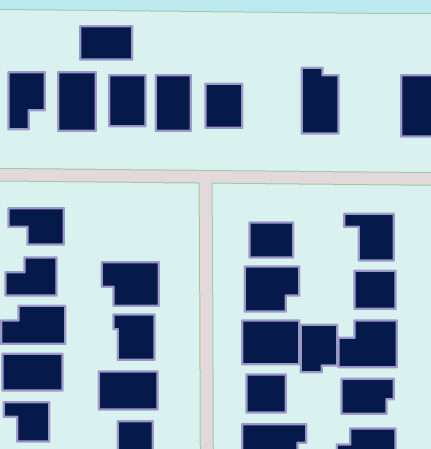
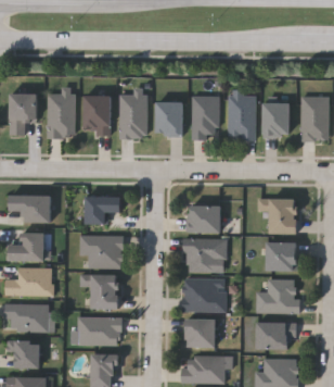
building: [80,26,132,59] -> none
building: none -> [192,96,219,139]
building: none -> [264,102,291,136]
building: none -> [86,196,121,224]
building: [301,325,337,372] -> none

